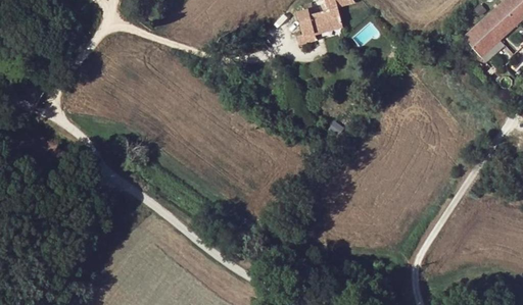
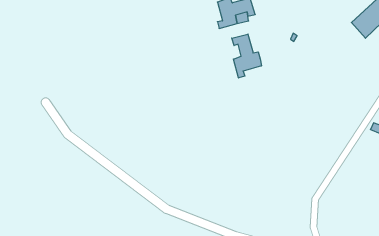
building: none -> [232,34,261,78]

